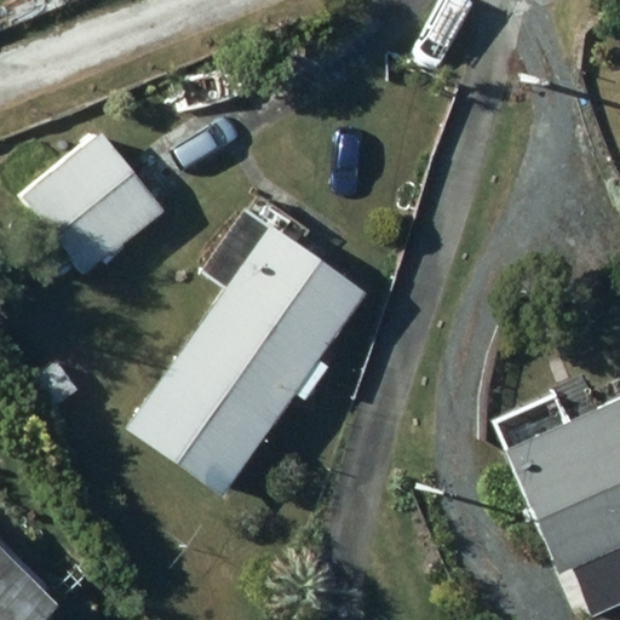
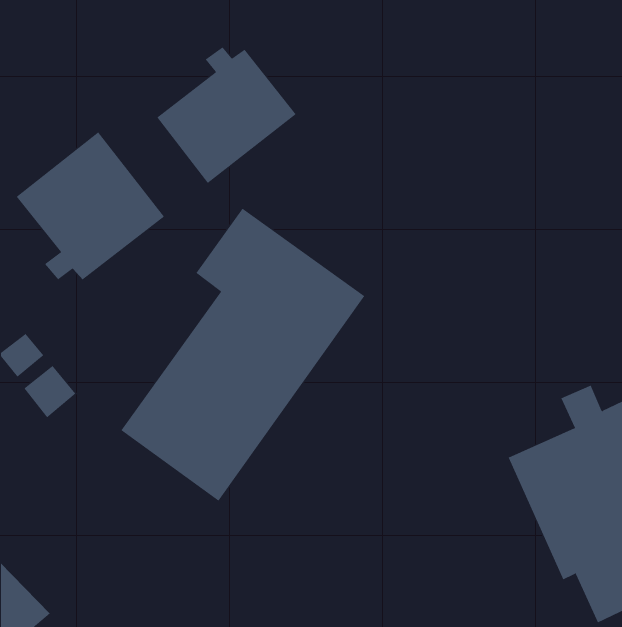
building: none -> [156,46,297,184]

